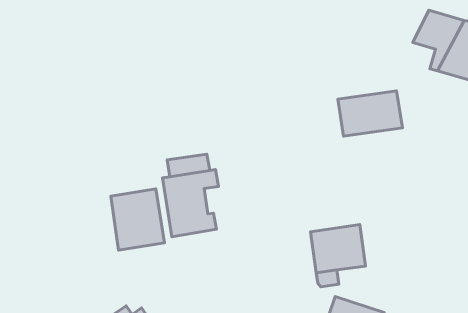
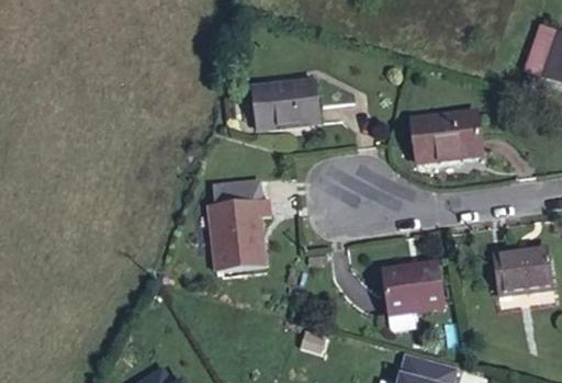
building: none -> [246,76,319,132]
building: [111,189,165,250] -> none
building: none -> [493,247,554,300]

